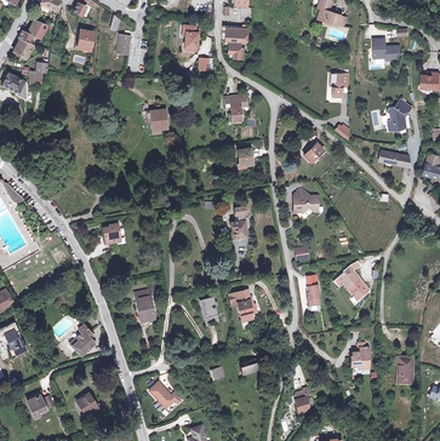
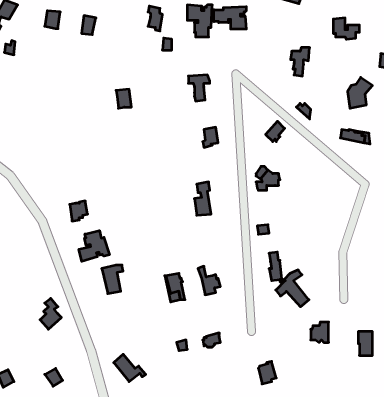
building: none -> [214,7,246,29]
building: none -> [79,231,109,261]
building: [335,260,368,298] -> [276,270,309,307]

